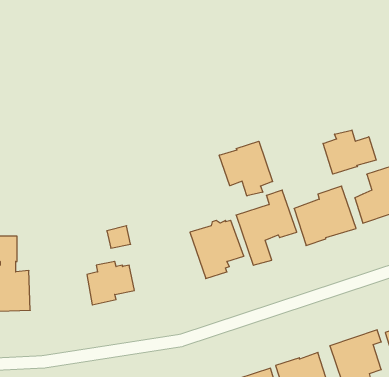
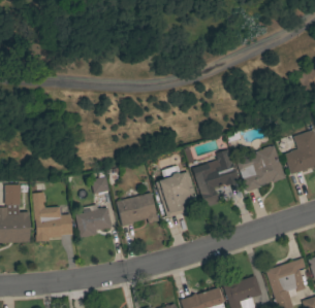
building: [323,130,376,174] -> none
building: [219,141,273,196] -> none
building: none -> [33,193,72,241]
building: none -> [117,193,159,227]

